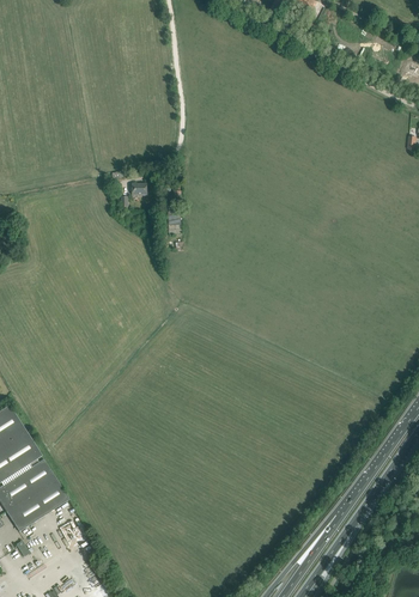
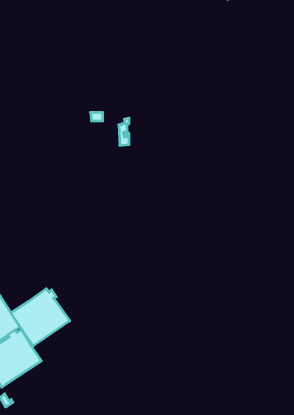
building: none -> [11,289,70,346]

